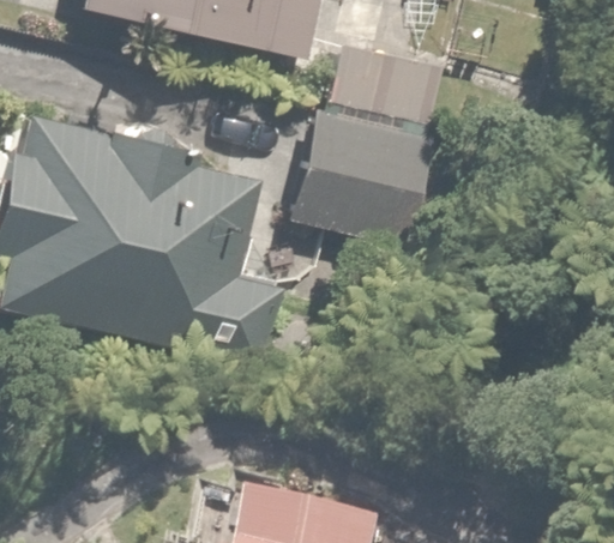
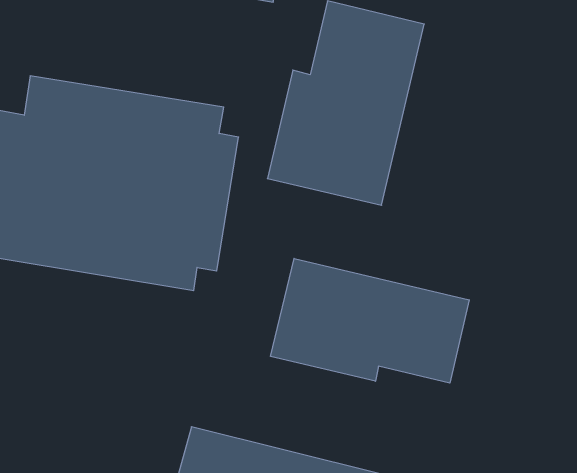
building: none -> [271,258,469,383]

